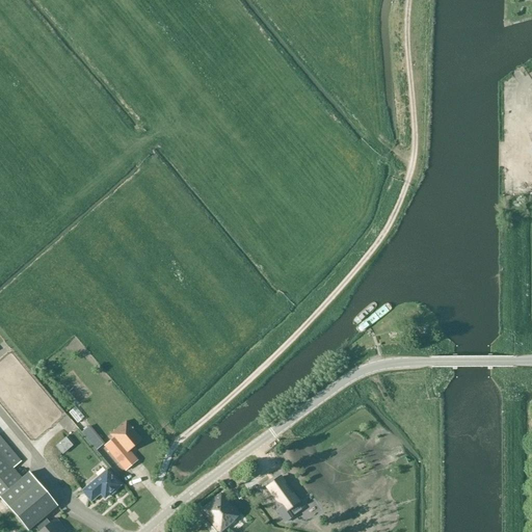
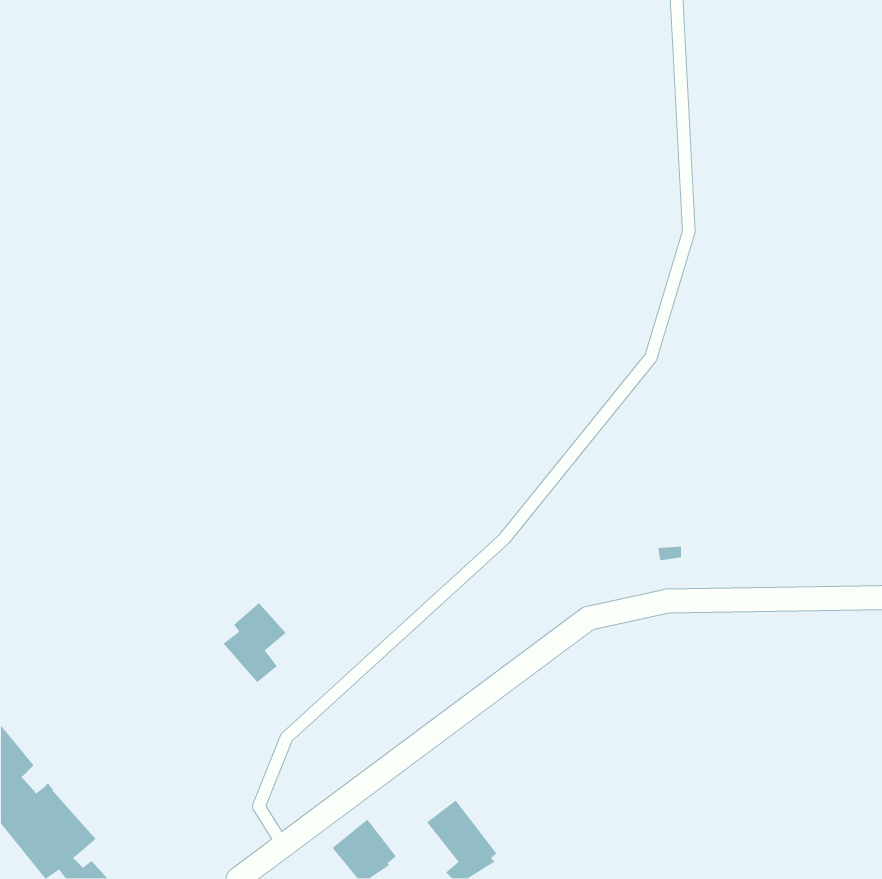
building: [104,420,142,469] -> [223,602,287,683]
building: [81,467,122,502] -> none

